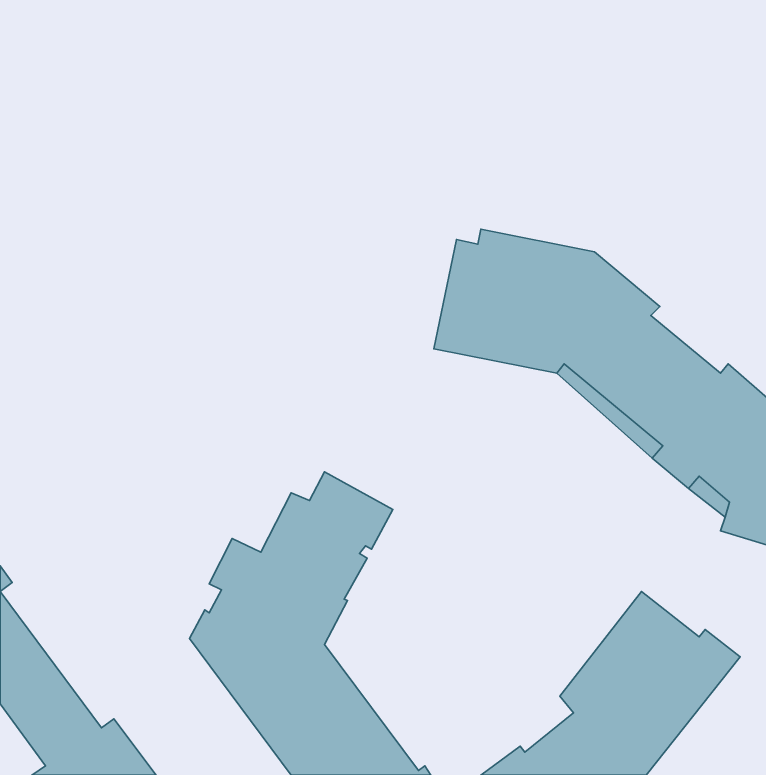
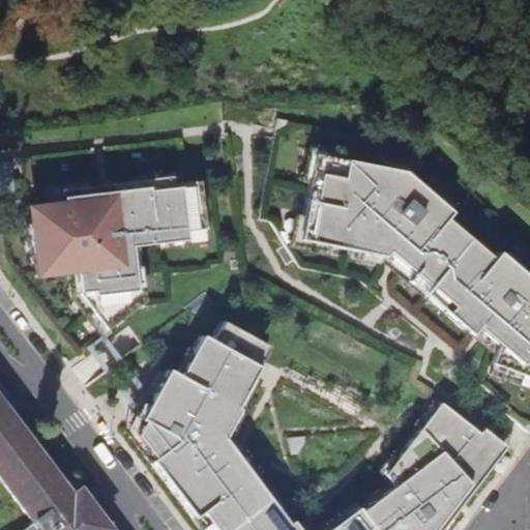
building: none -> [36,178,209,331]

